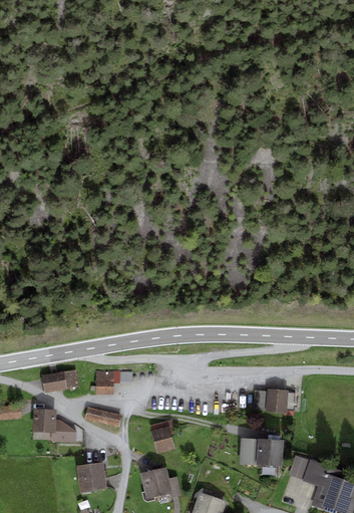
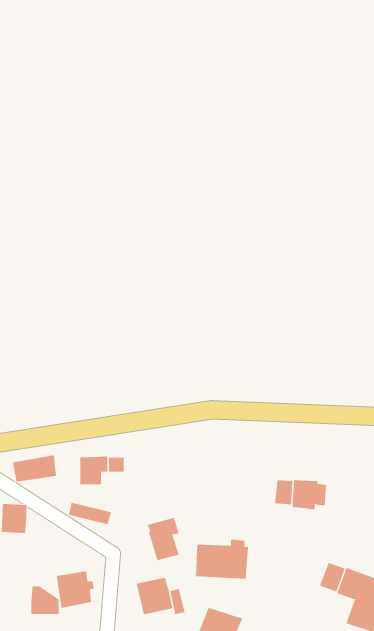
building: [52,420,75,443] -> [31,586,59,614]
building: [239,435,282,467] -> [195,539,249,579]

